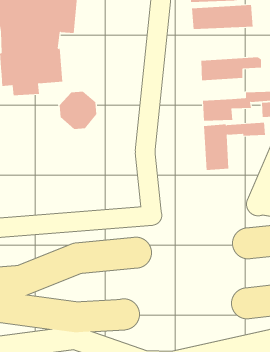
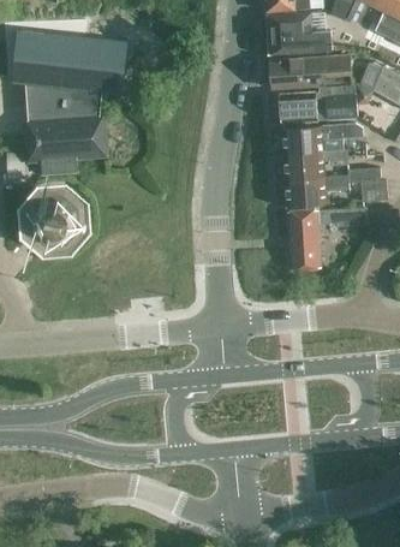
building: none -> [279,85,356,123]
building: none -> [283,150,346,180]
building: [59,91,97,129] -> [30,194,79,243]

